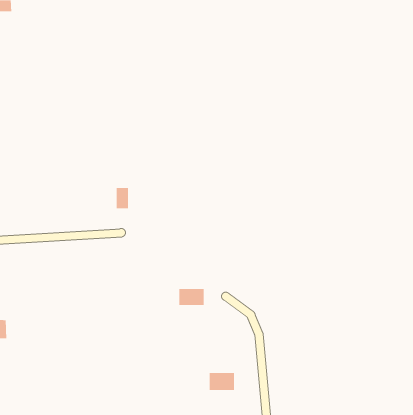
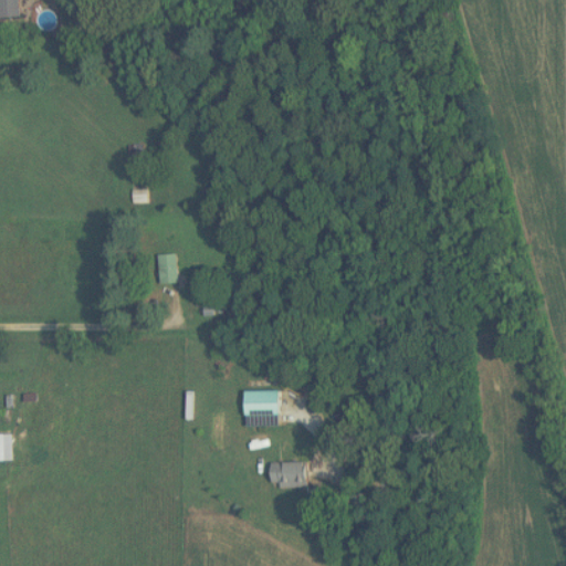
building: [209,372,235,391] -> [269,462,304,488]

